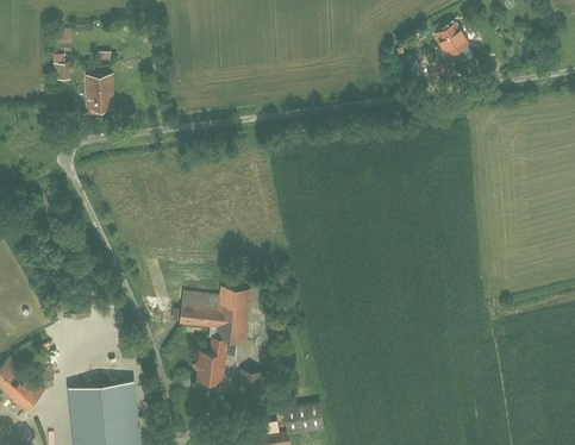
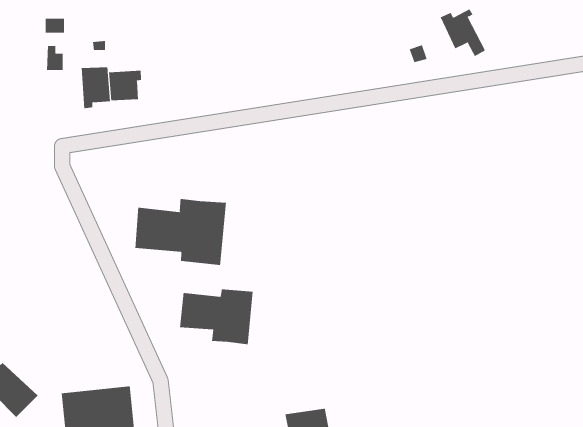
building: none -> [109,70,141,101]
building: none -> [135,198,226,266]
building: [195,338,226,383] -> none

